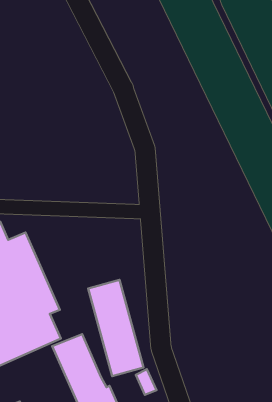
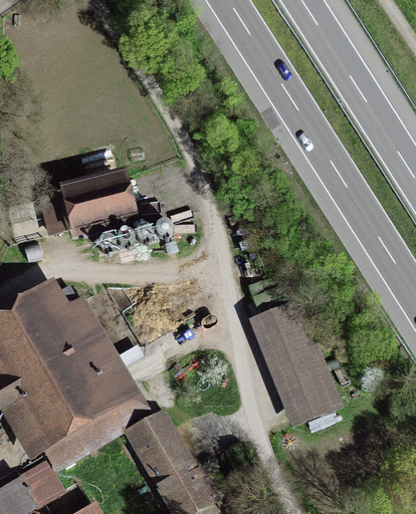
building: none -> [42,179,129,233]
building: [88,280,143,376] -> [263,305,338,418]

